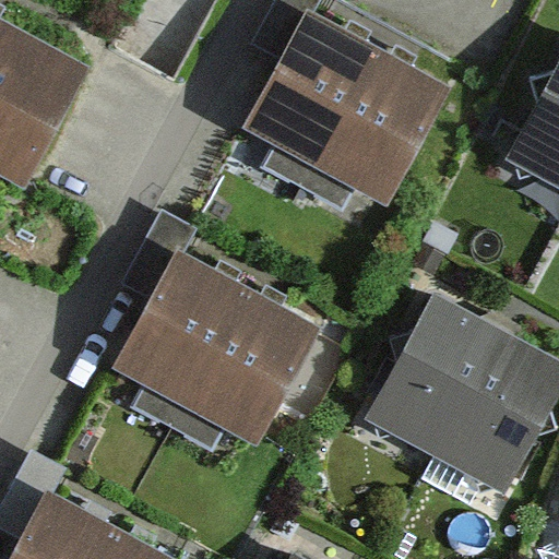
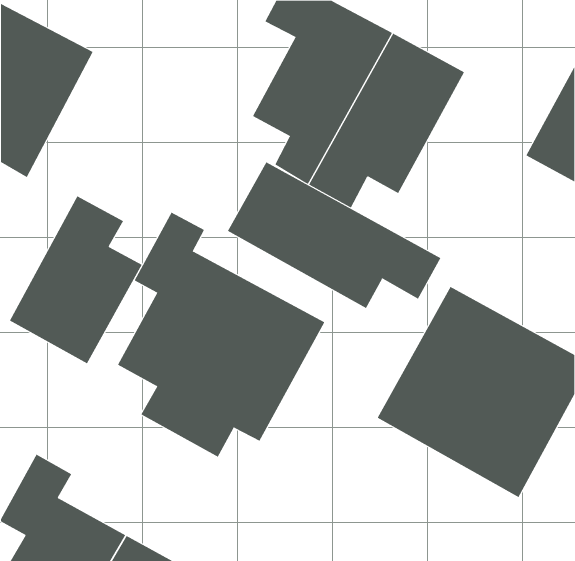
building: none -> [227,162,441,309]
building: none -> [9,195,143,364]

